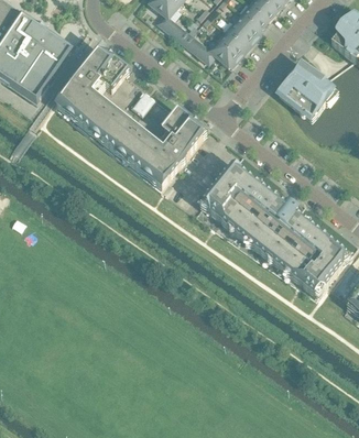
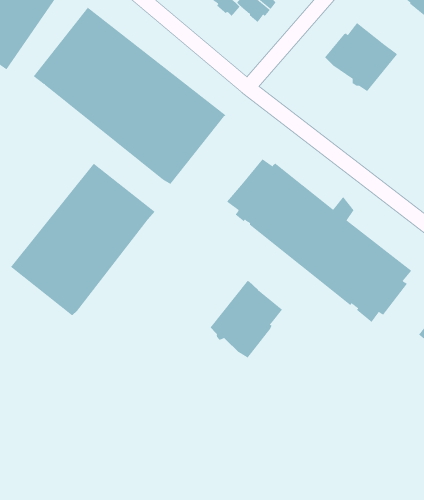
building: none -> [10,163,155,316]
building: none -> [210,280,284,358]

